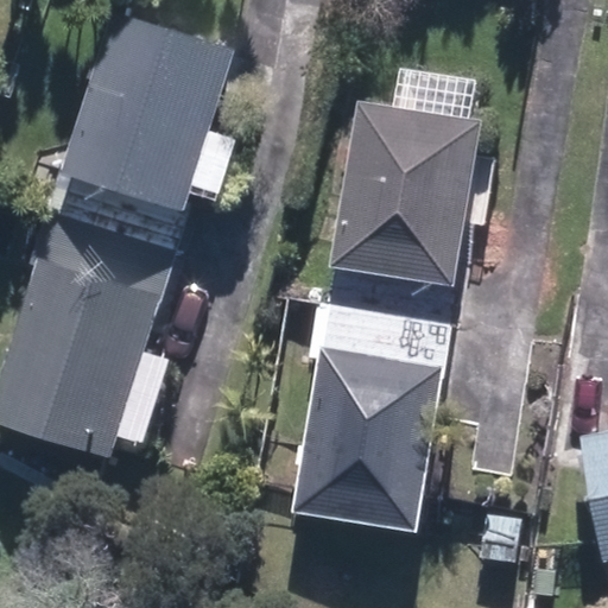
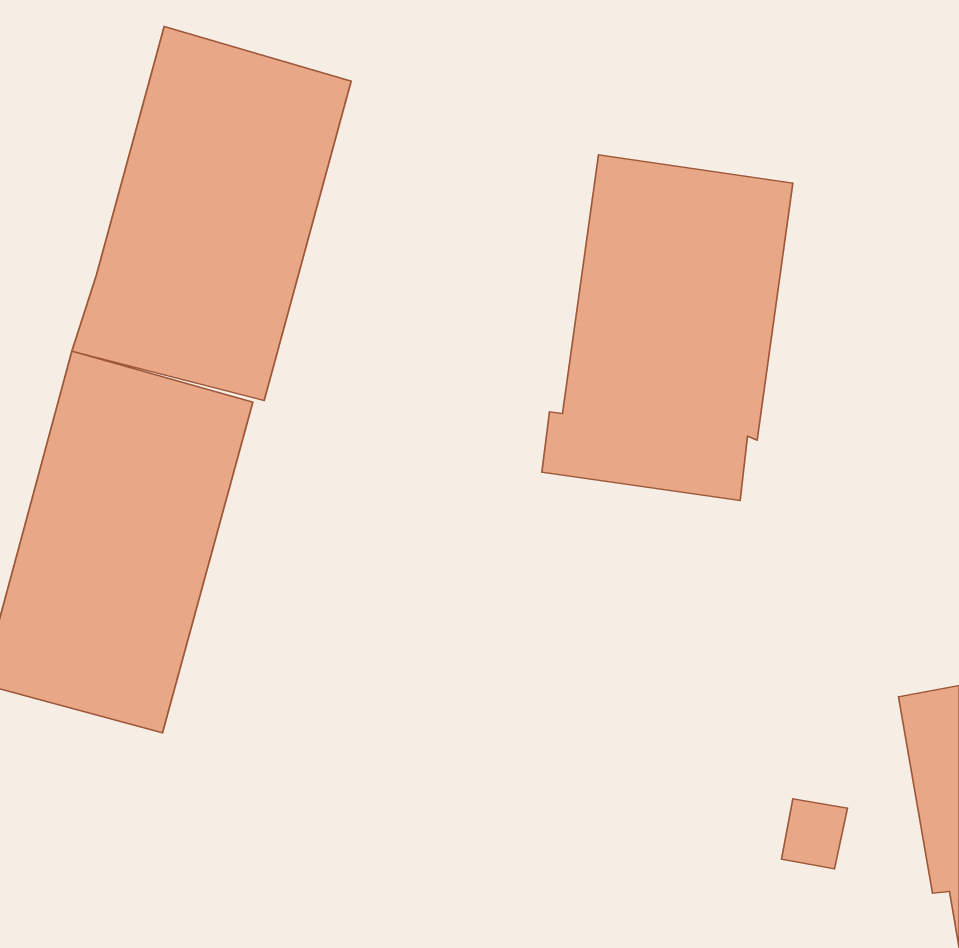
building: [311,294,466,526] -> none

